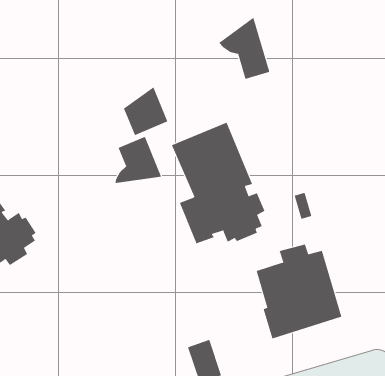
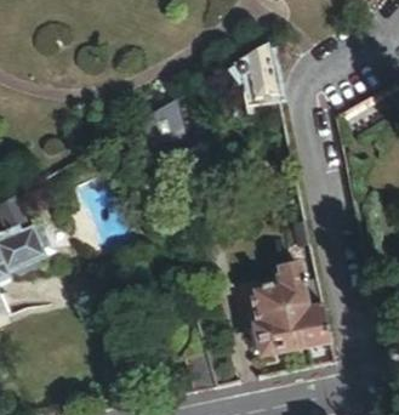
building: [171,122,265,244] -> none
building: [115,136,162,184] -> none

